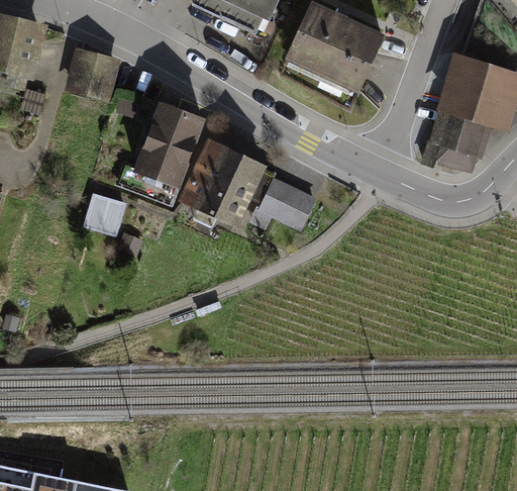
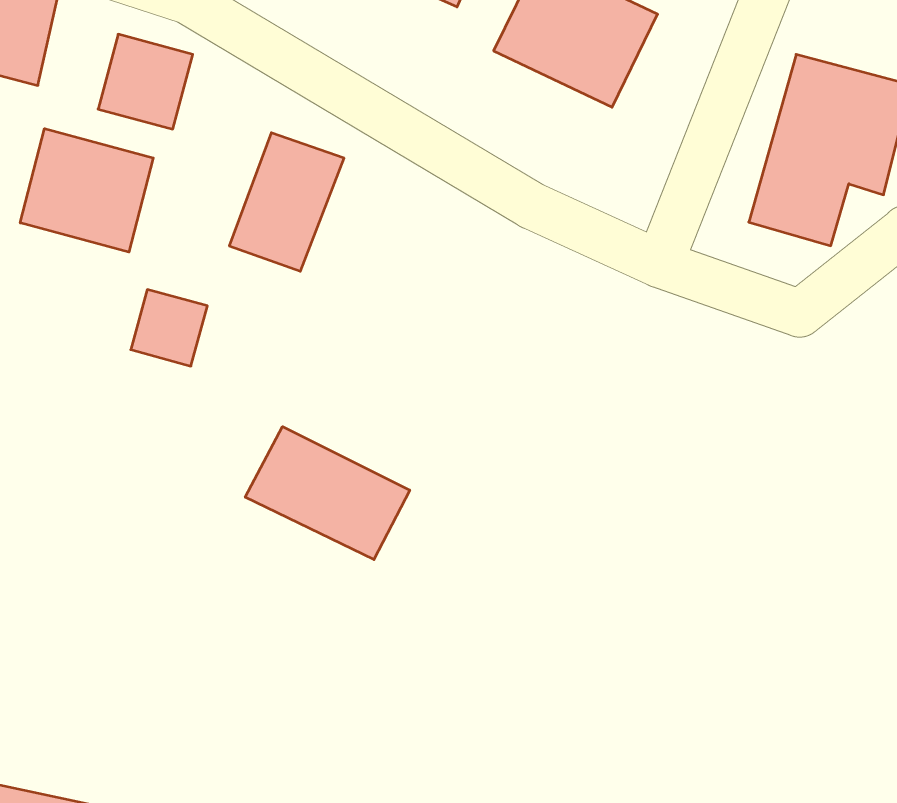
building: none -> [20,129,153,252]
building: [178,142,317,234] -> none
building: none -> [245,427,410,560]

